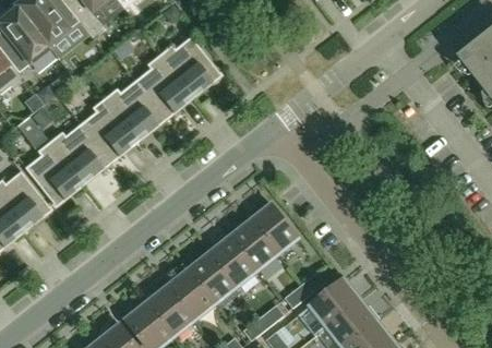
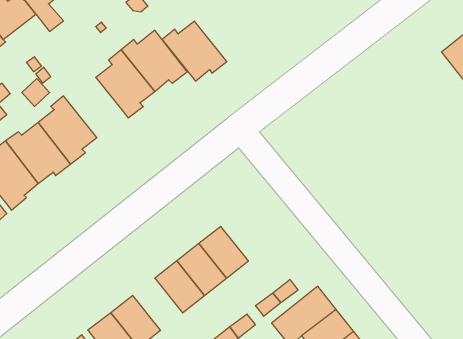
building: [103,81,164,137] -> [162,21,227,81]
building: [251,204,299,254] -> none
building: [168,271,215,320] -> none

